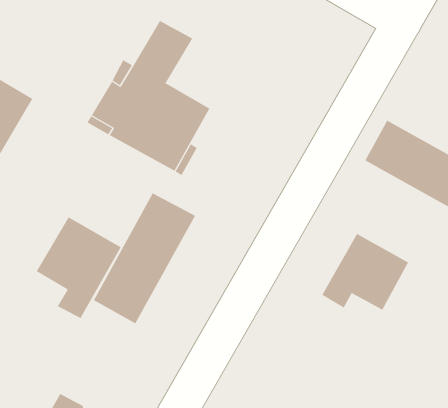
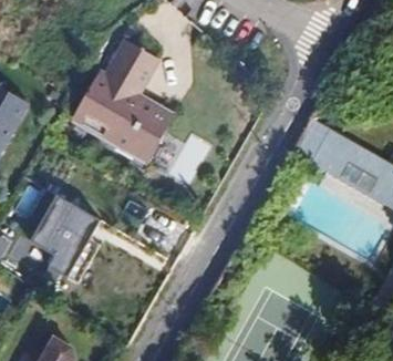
building: [93,193,196,324] -> none
building: [321,233,409,310] -> none

